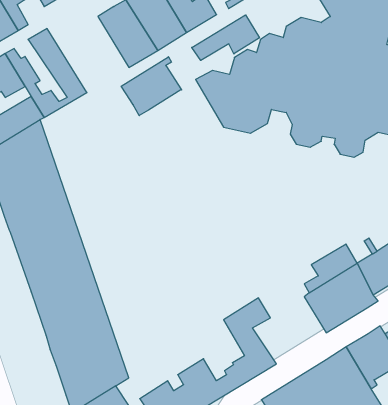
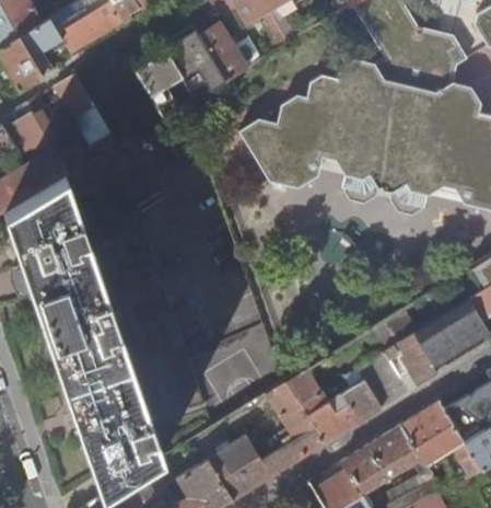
building: [192,15,259,60] -> none
building: [121,57,182,116] -> none
building: none -> [300,369,381,442]

